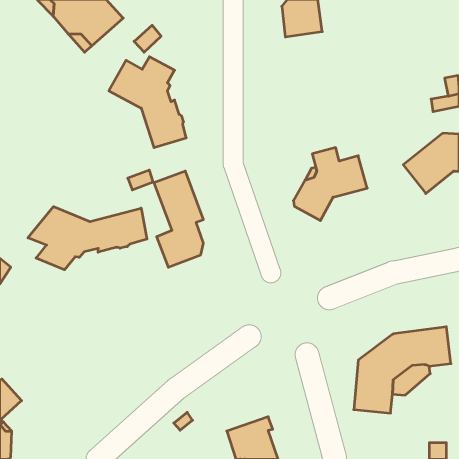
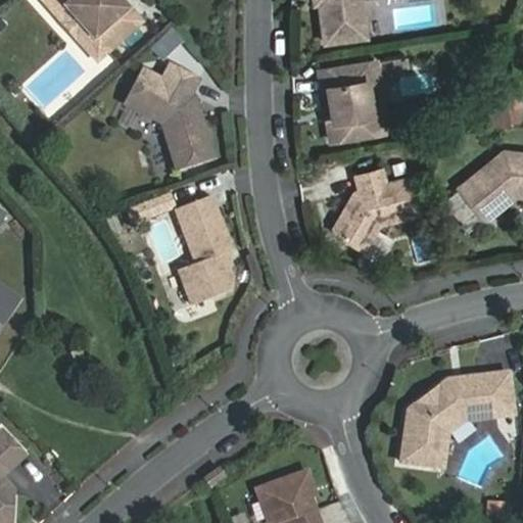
building: none -> [319,61,382,140]
building: [28,207,147,270] -> none

